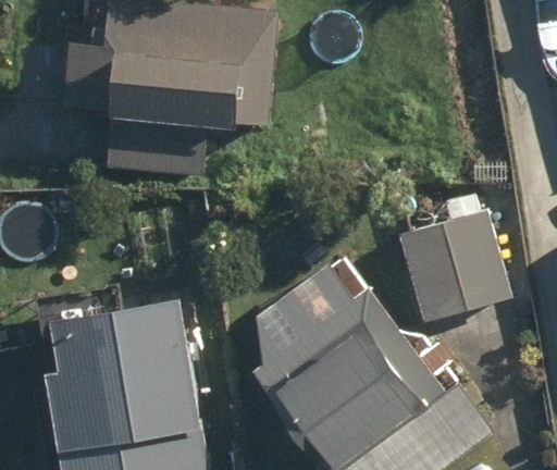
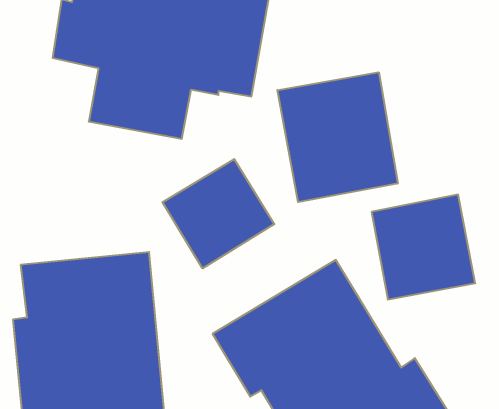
building: none -> [277,72,398,202]
building: none -> [163,159,274,268]

